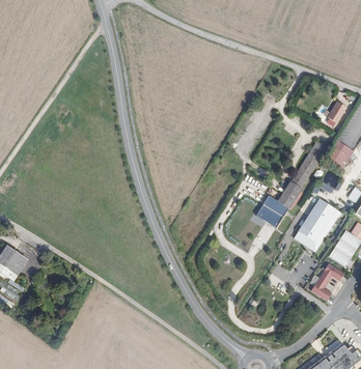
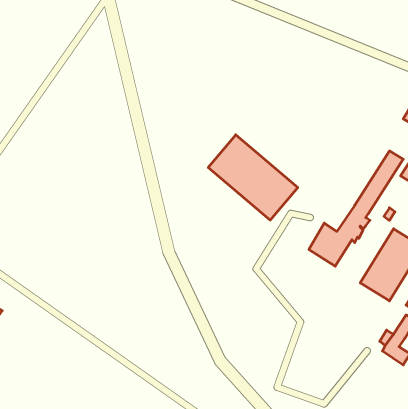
building: none -> [208,135,298,220]

